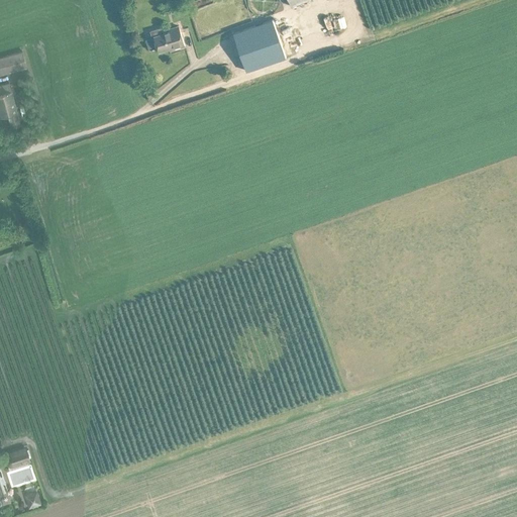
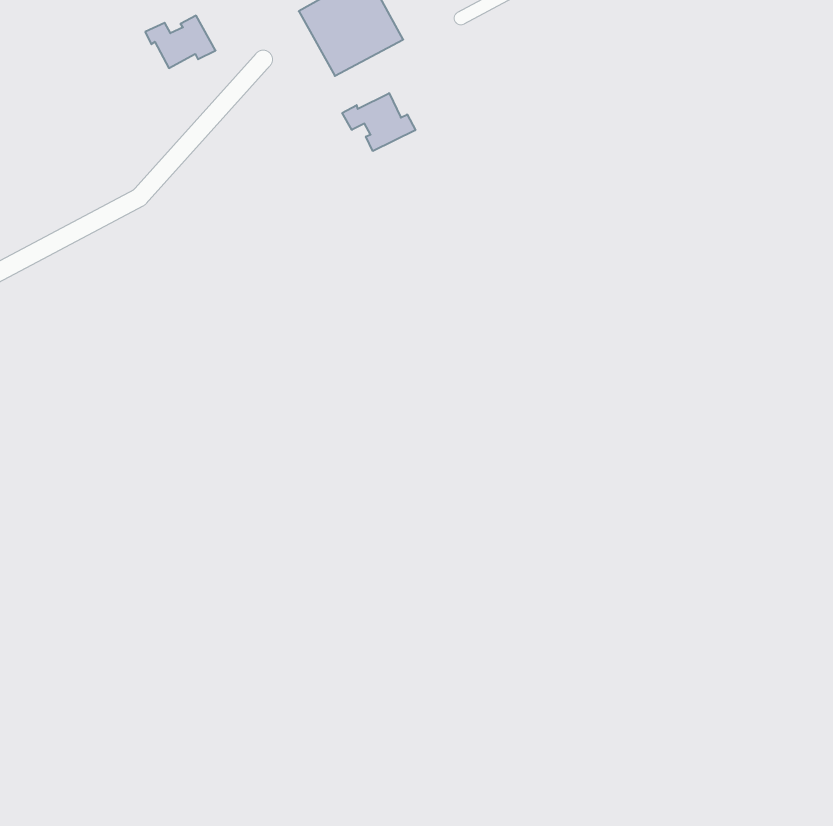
building: none -> [342,93,415,151]

